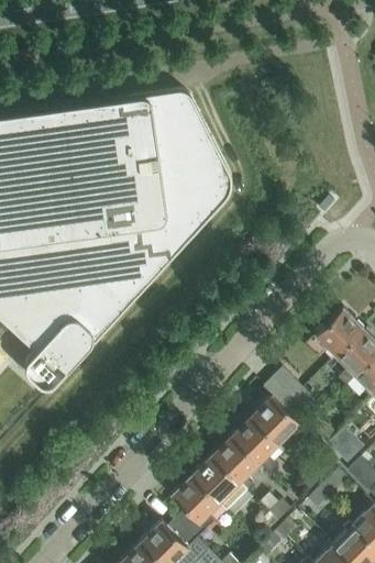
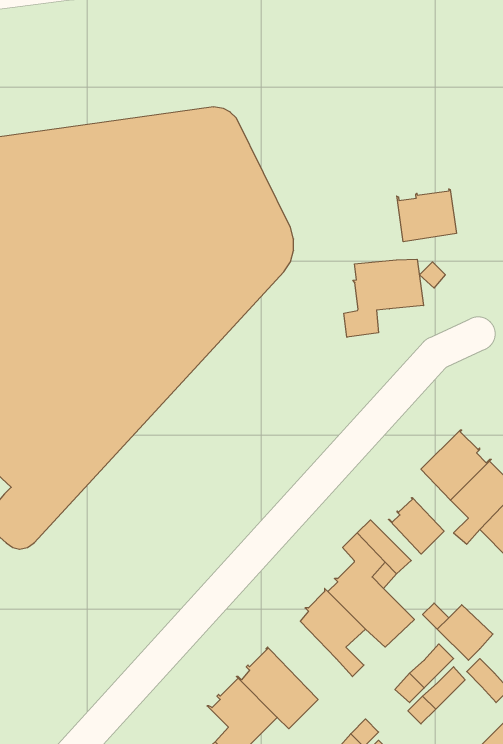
building: none -> [397,189,456,242]
building: none -> [344,259,424,337]
building: none -> [388,498,444,554]
building: [214,435,258,483] -> none

